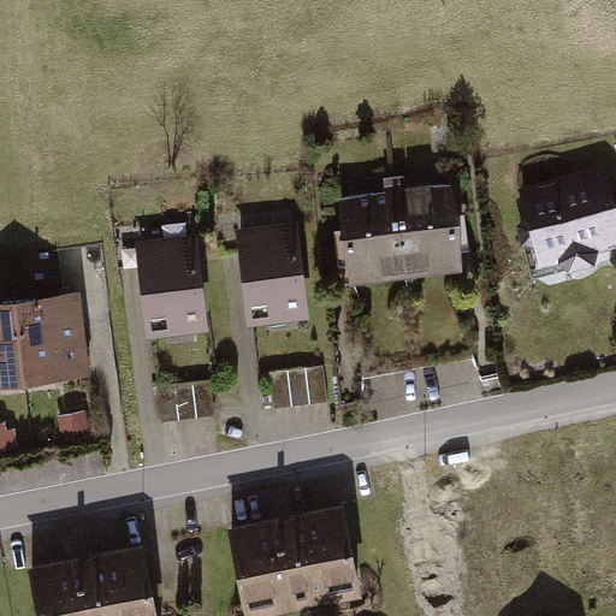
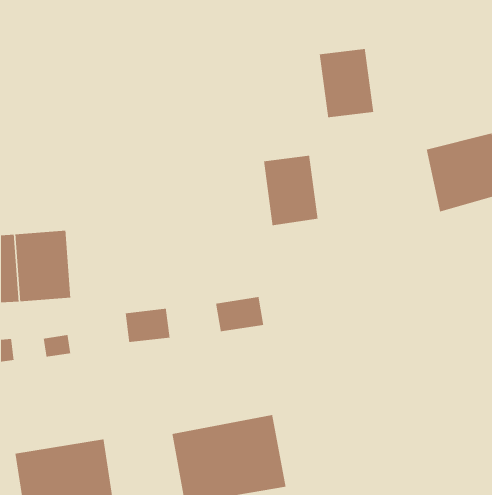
building: [390,188,458,274] -> [319,48,374,118]
building: [236,226,304,322] -> none
building: [137,235,206,334] -> none

